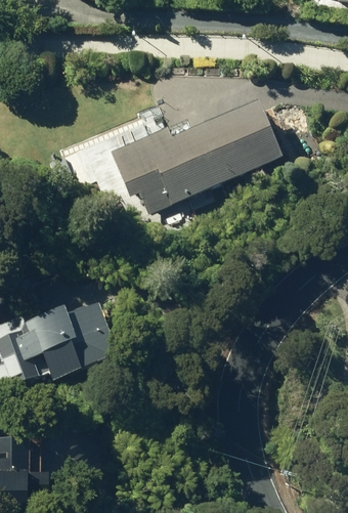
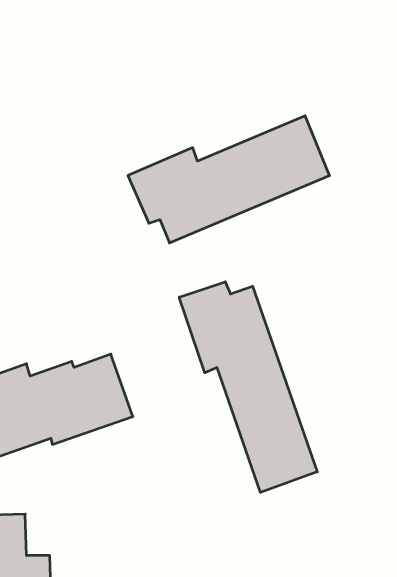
building: none -> [179,282,317,492]

